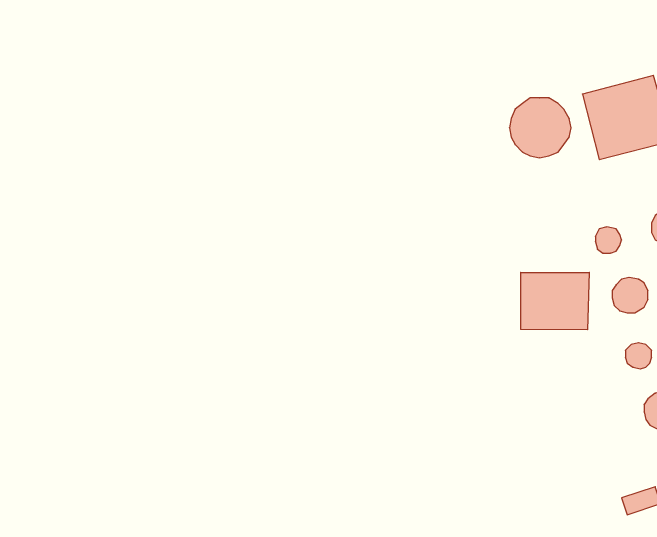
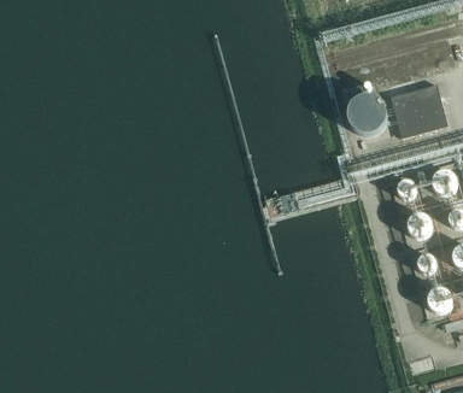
building: [521,272,589,330] -> none

